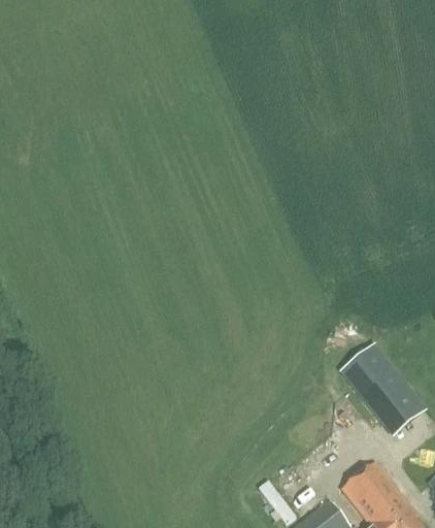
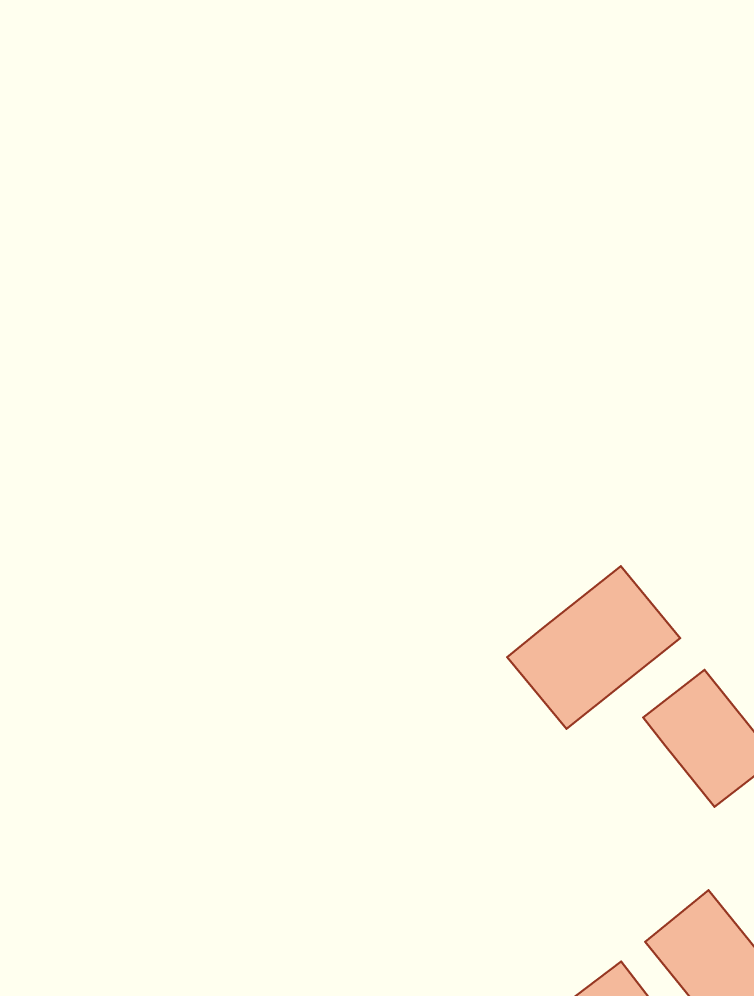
building: none -> [507,566,680,729]

